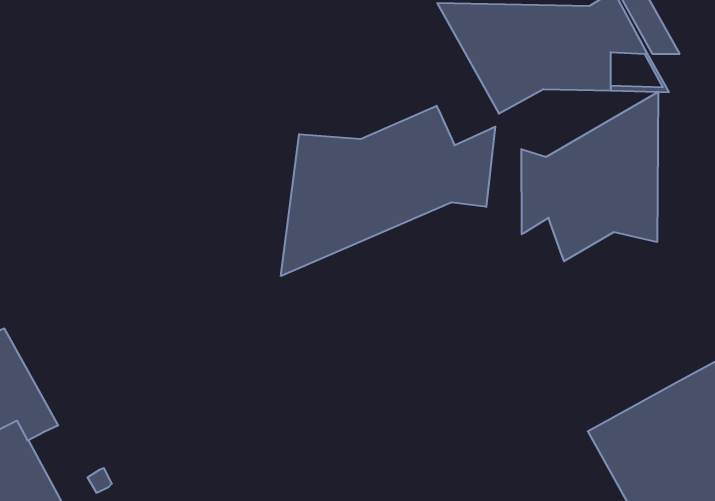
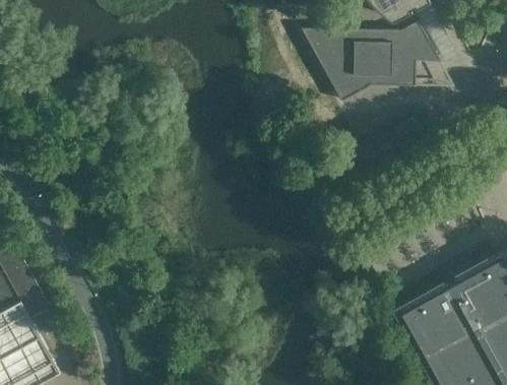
building: [521,92,658,261] -> none
building: [281,106,495,276] -> none

